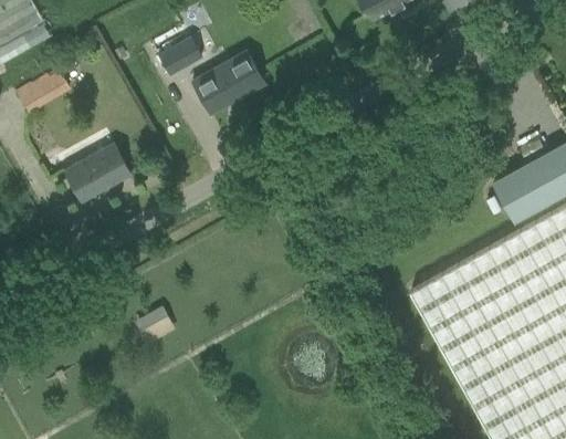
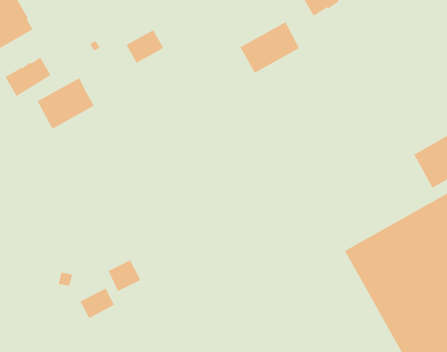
building: [192,52,263,113] -> [239,22,300,74]
building: [63,142,130,202] -> [37,78,95,130]
building: none -> [80,288,114,319]

